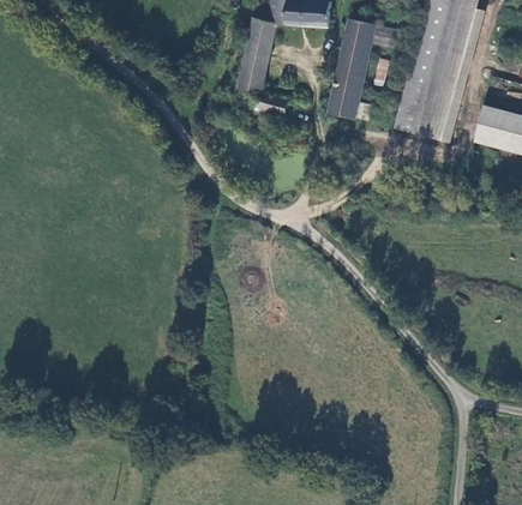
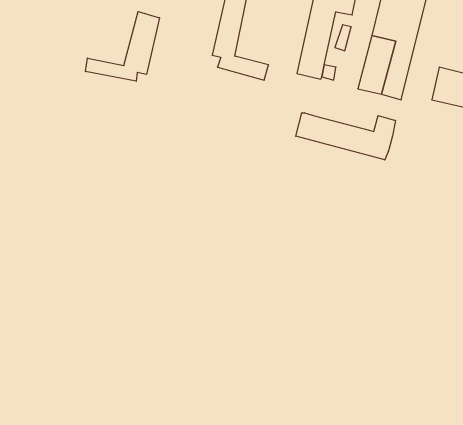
building: none -> [85,12,160,81]
building: none -> [296,113,395,160]

